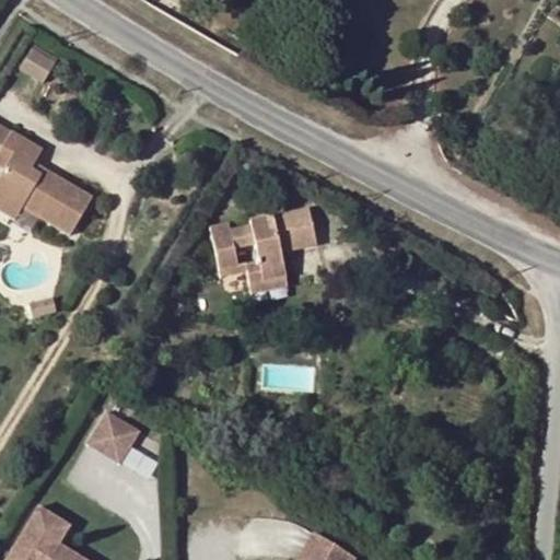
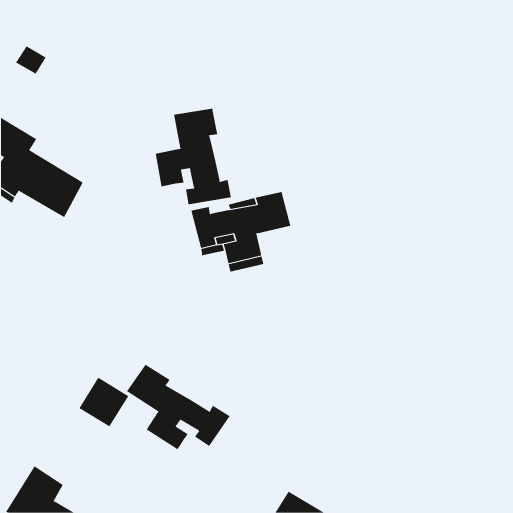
building: none -> [155,108,232,205]
building: none -> [126,364,230,450]

